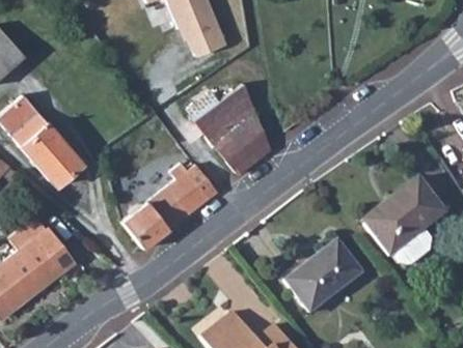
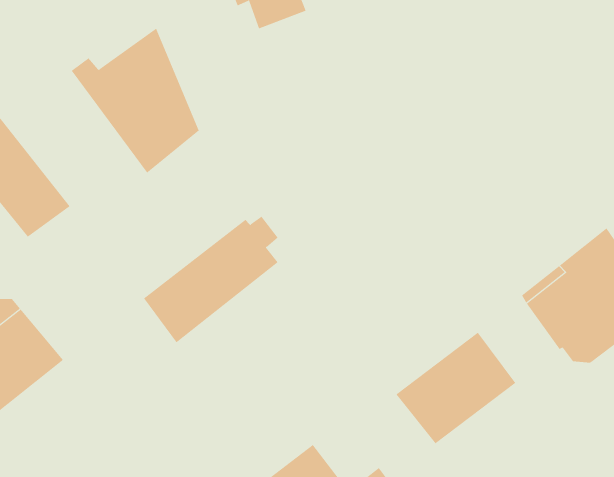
building: [191,84,272,175] -> [71,28,200,173]

